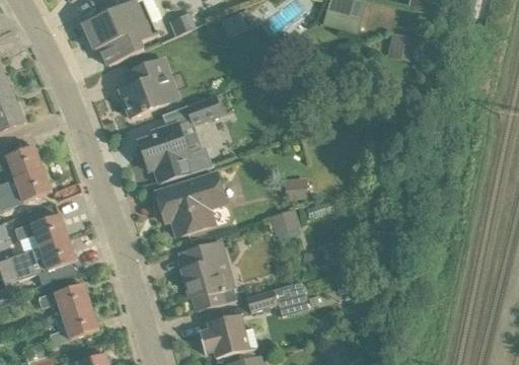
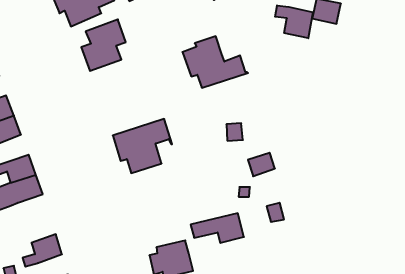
building: none -> [275,5,313,38]
building: [187,94,222,124] -> none
building: [138,122,214,181] -> [182,36,248,88]
building: [269,207,300,234] -> [248,153,275,176]
building: [179,239,236,309] -> none
building: [38,282,90,315] -> none

